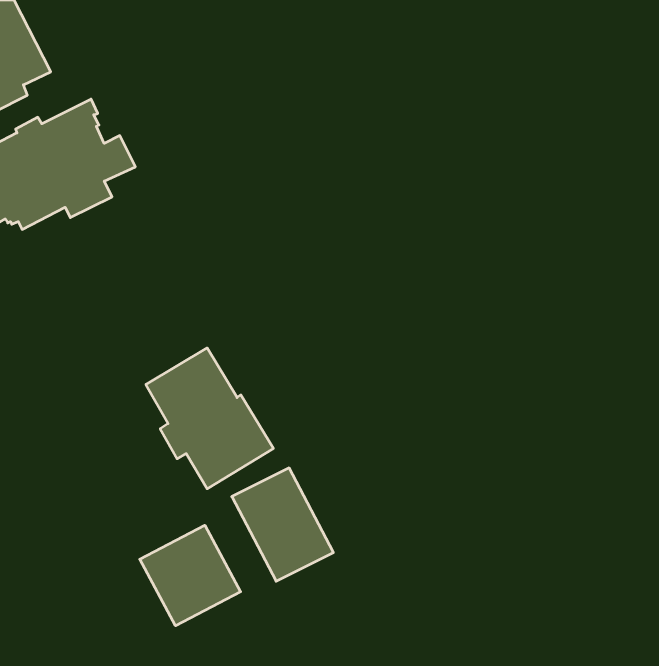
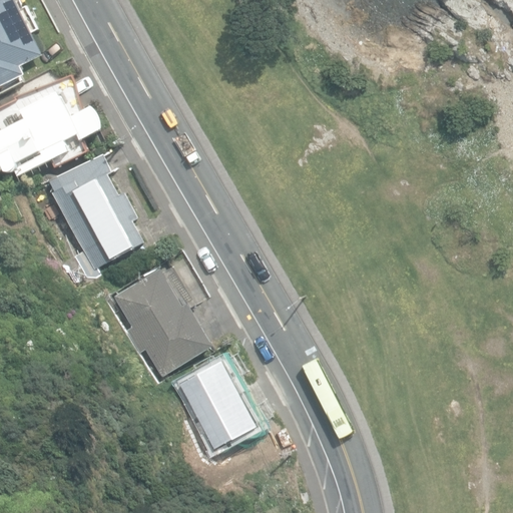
building: none -> [48,154,144,278]
building: [140,525,241,626] -> none

